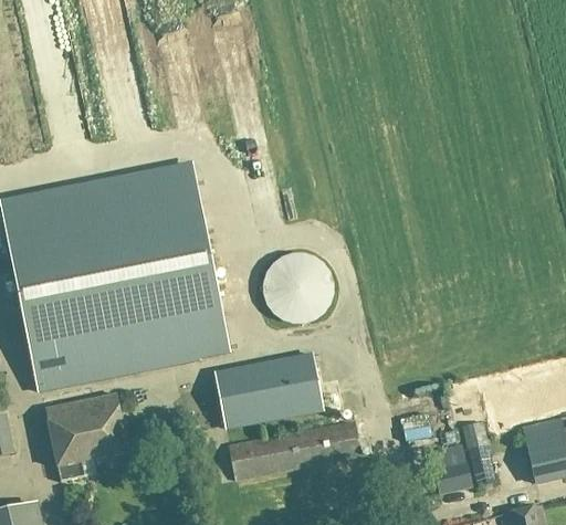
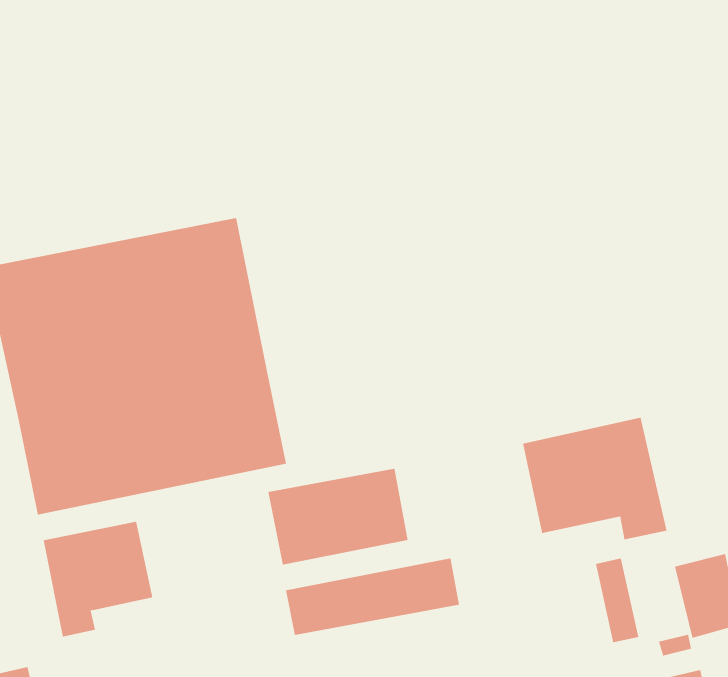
building: [261,252,333,323] -> none
building: none -> [523,417,667,540]
building: [434,463,470,492] -> none

